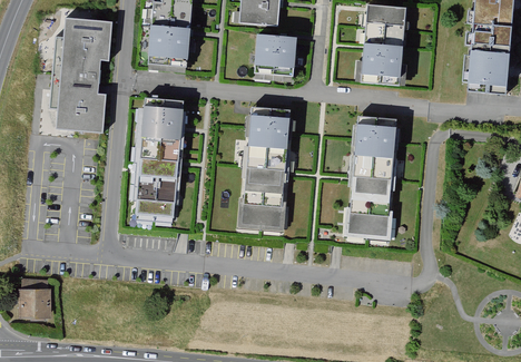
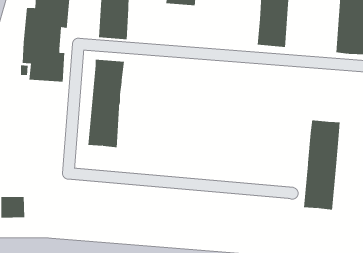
building: [255,38,298,79] -> none
building: [240,109,291,232] -> none
building: [347,119,397,241] -> [303,120,340,210]

